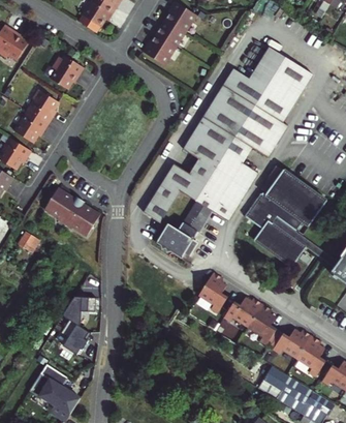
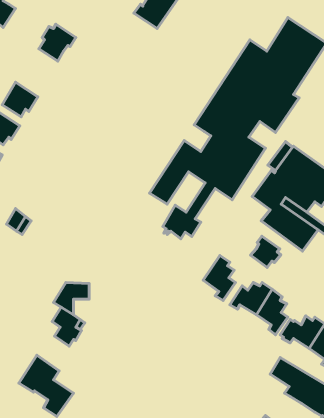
building: [26,90,57,124] -> none
building: [44,185,100,235] -> none
building: none -> [250,236,281,268]

